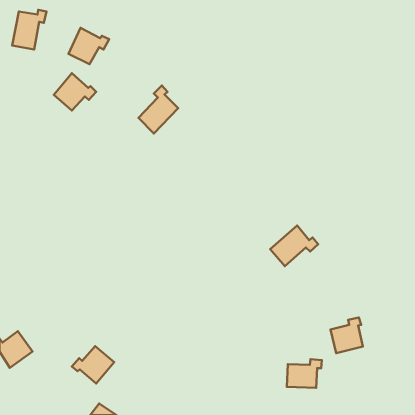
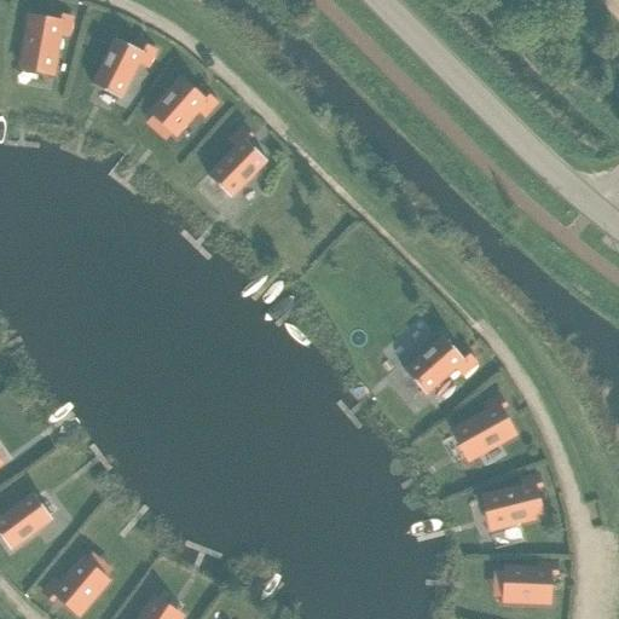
building: [54,73,96,110] -> [157,81,220,137]
building: none -> [450,394,511,459]
building: [72,346,114,383] -> [47,555,110,611]
building: [287,359,322,388] -> [503,560,555,602]

